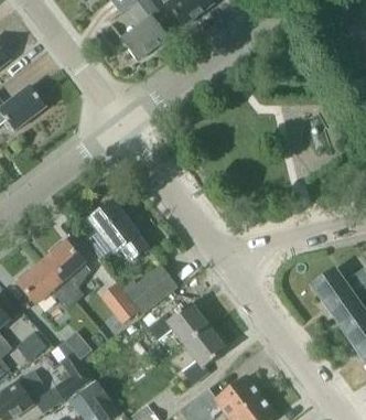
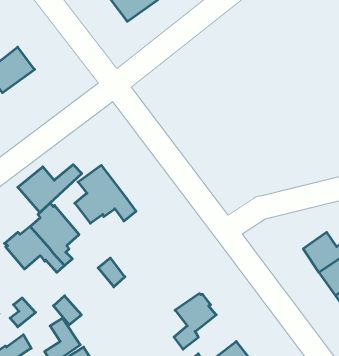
building: none -> [18,165,82,213]
building: [127,266,177,312] -> none
building: [149,302,209,344] -> none

